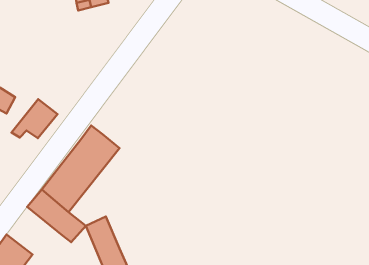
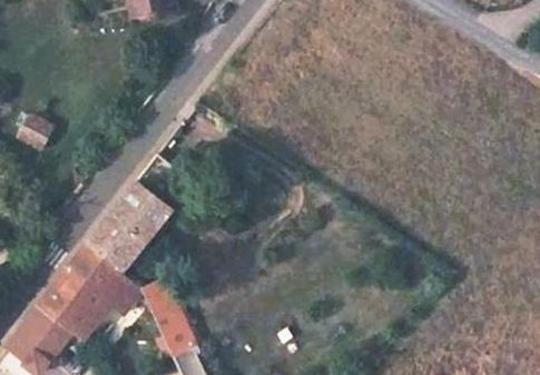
building: [12,99,57,138] -> none
building: none -> [39,268,111,338]

